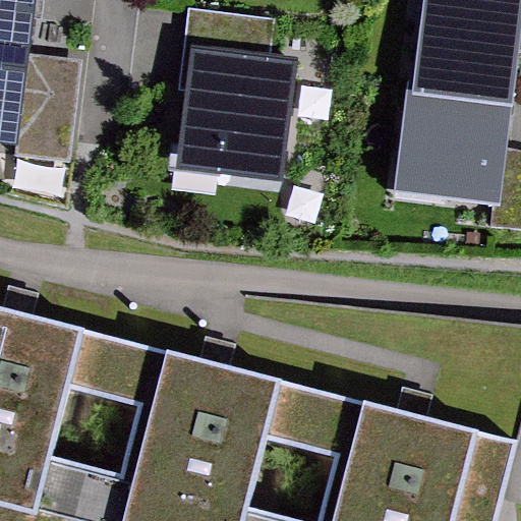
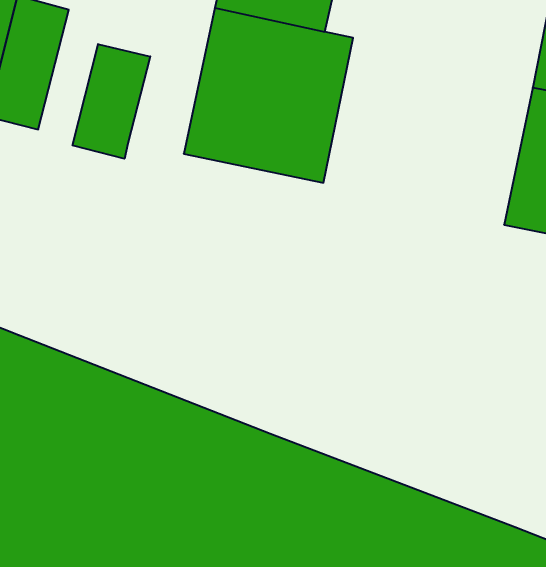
building: none -> [73,44,150,159]

